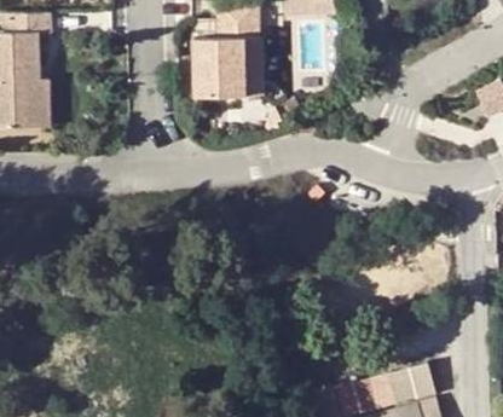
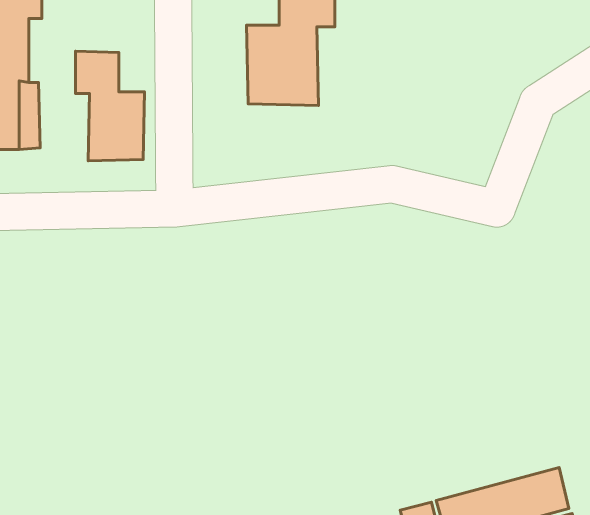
building: none -> [76,51,145,161]

